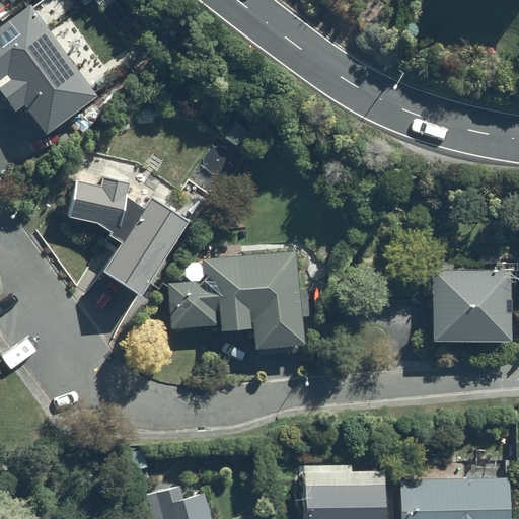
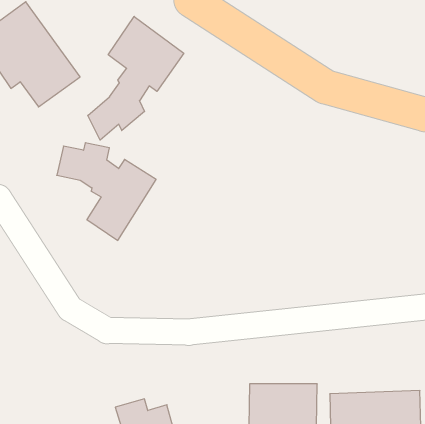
building: none -> [88,16,184,140]
building: [170,251,304,349] -> none
building: [434,273,512,345] -> none

